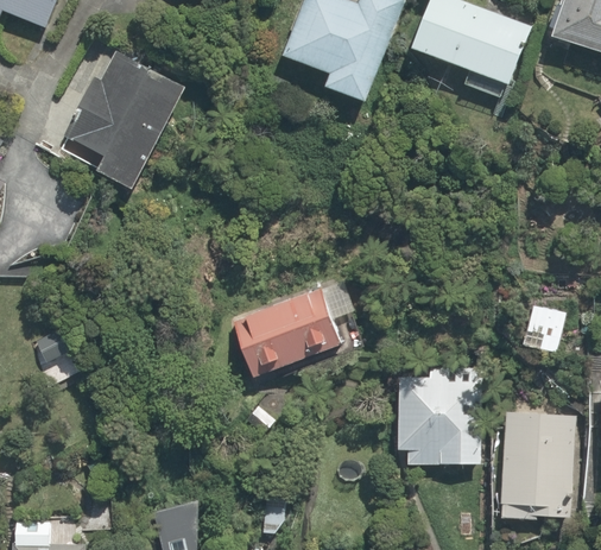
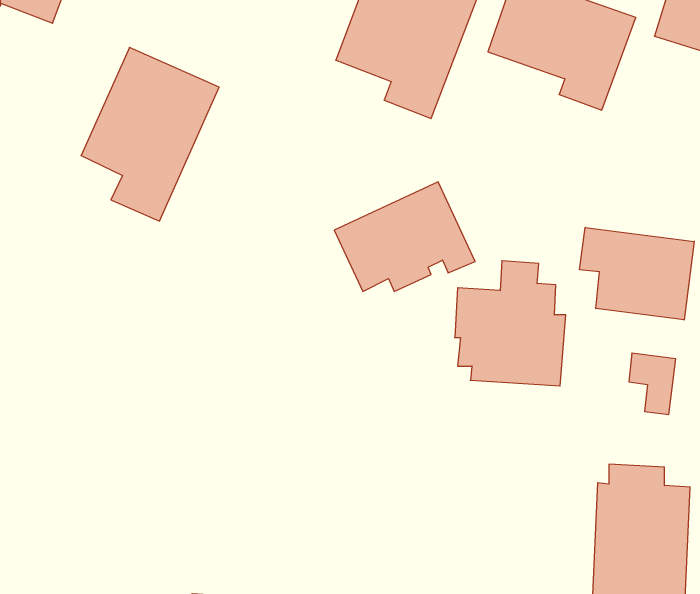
building: none -> [580,227,694,320]
building: [228,282,346,373] -> [334,182,475,291]
building: [393,362,486,467] -> [455,261,566,386]

